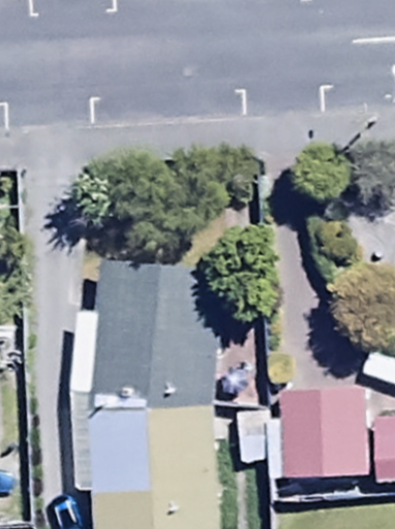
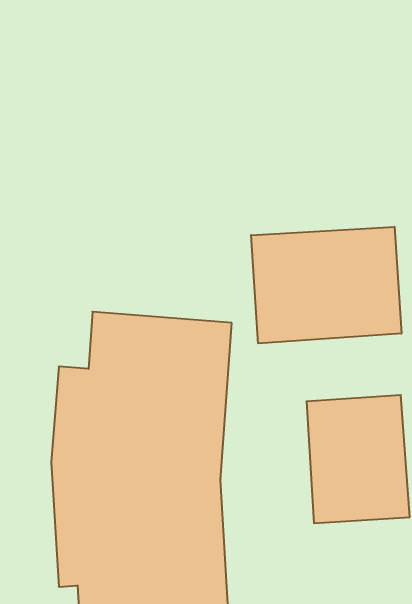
building: none -> [251,227,401,343]

